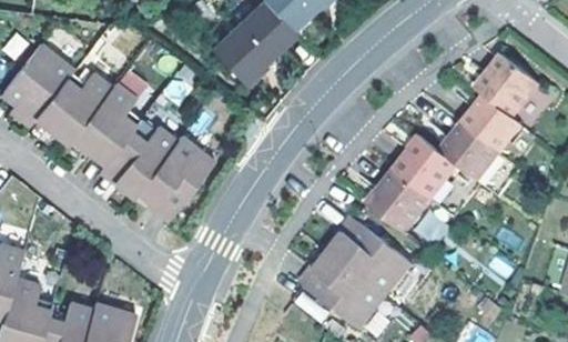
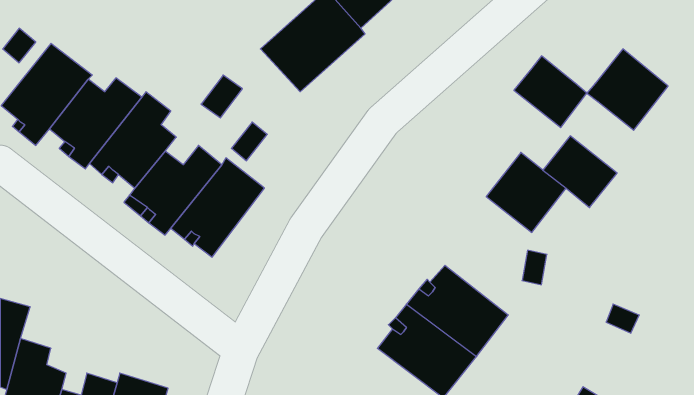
building: [459,90,518,148] -> [514,56,587,128]
building: [365,167,428,230] -> none

